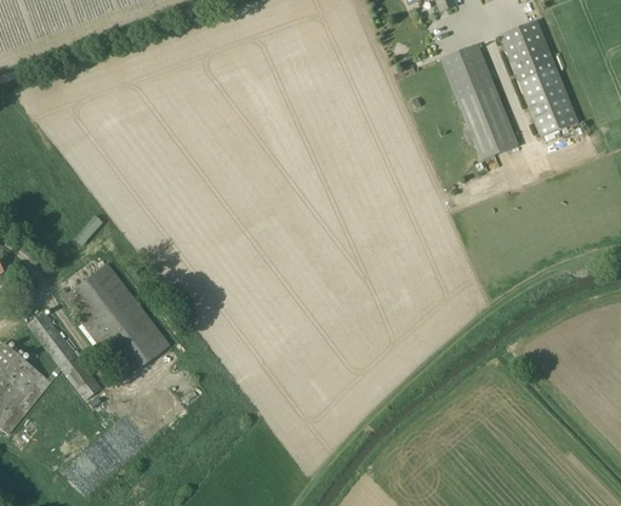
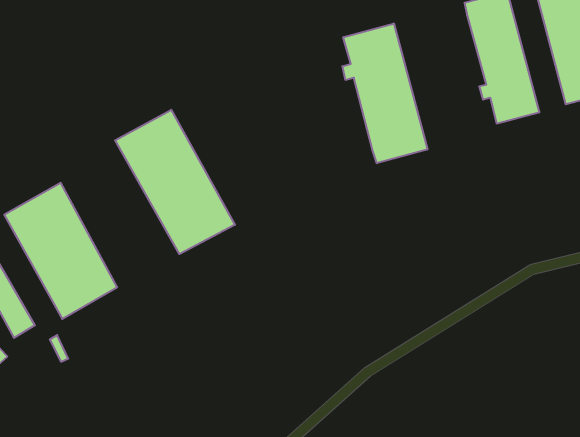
building: none -> [342,23,427,163]
building: none -> [115,110,235,254]

